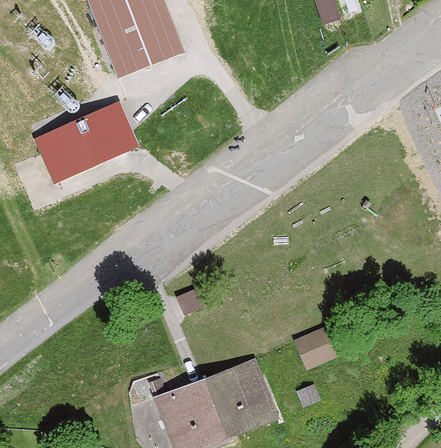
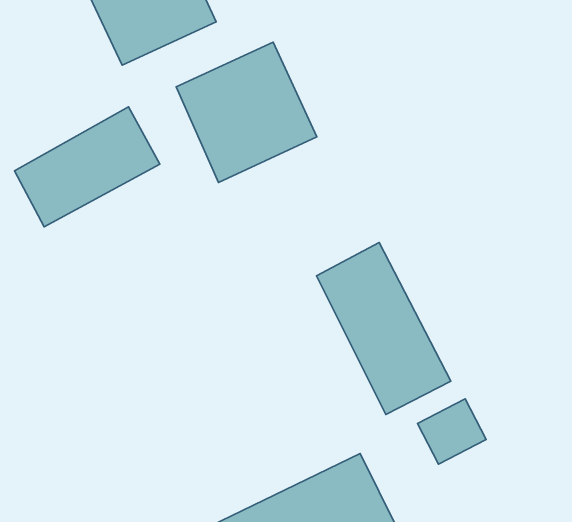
building: none -> [176,42,317,183]
building: none -> [316,243,451,414]

